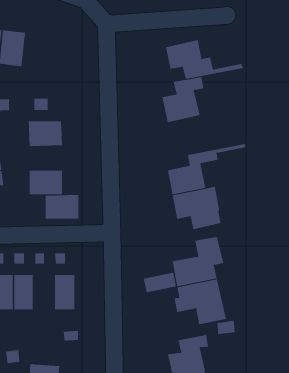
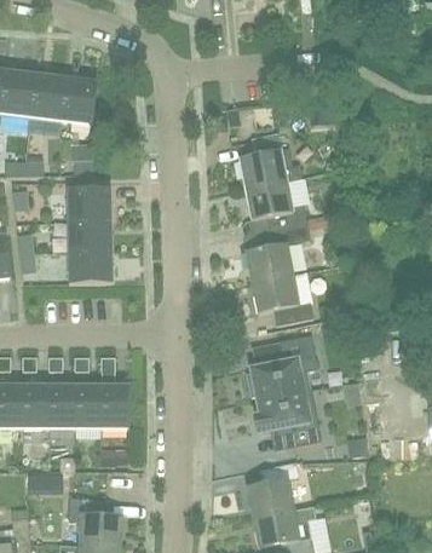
building: none -> [59,75,96,122]
building: [165,40,244,80] -> [244,180,345,231]
building: [45,194,79,219] -> [68,219,111,250]
building: [143,272,177,293] -> none
building: none -> [74,384,100,428]

